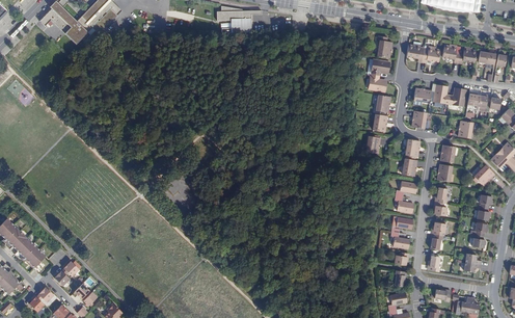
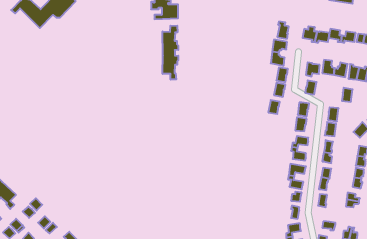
building: none -> [163,26,178,80]

